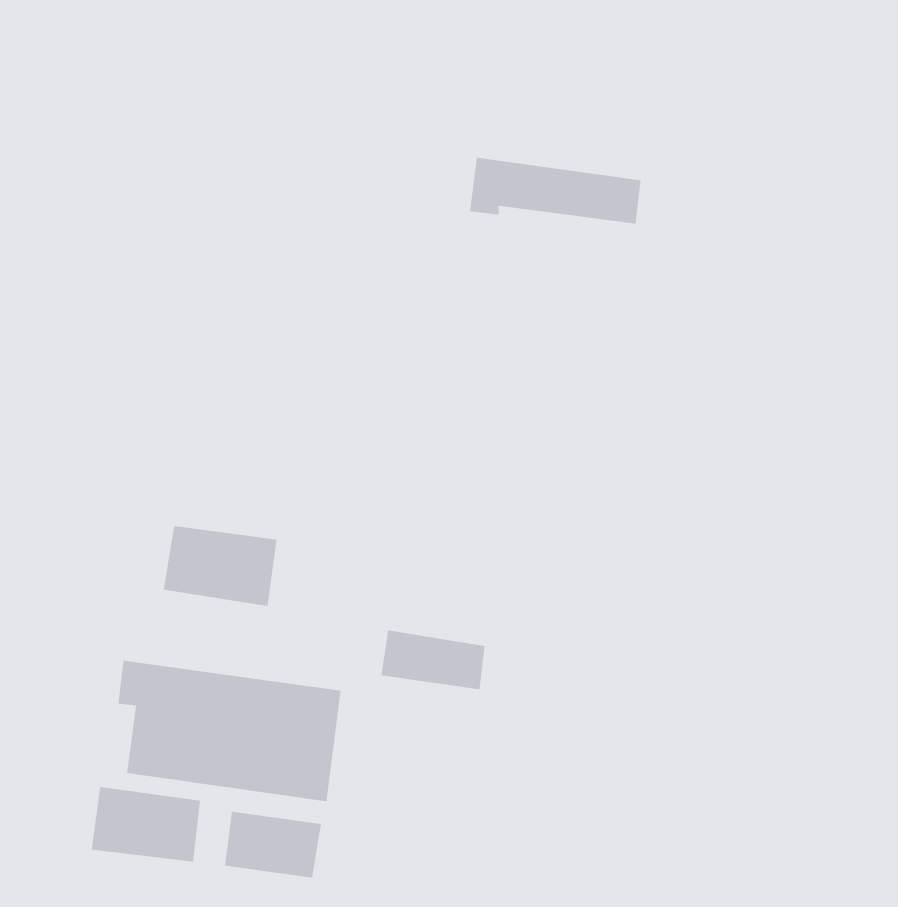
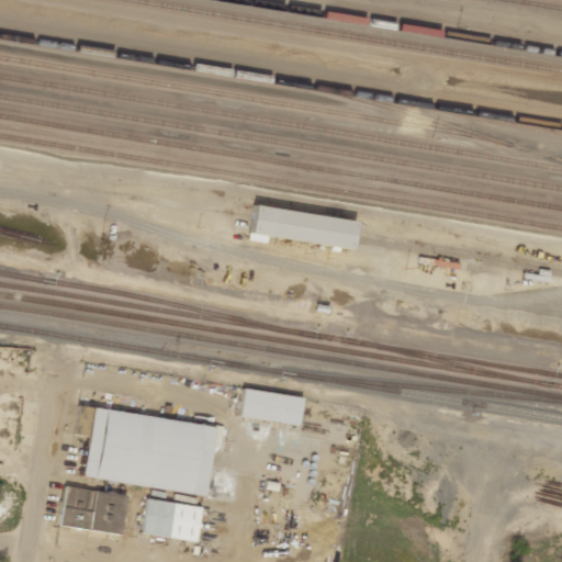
building: [469,157,642,224] -> [252,205,359,247]
building: [163,525,277,607] -> none

